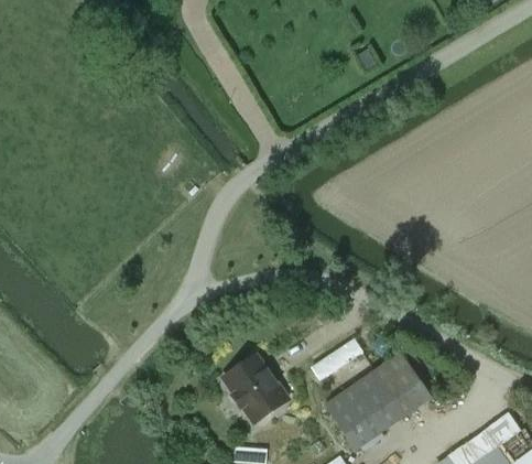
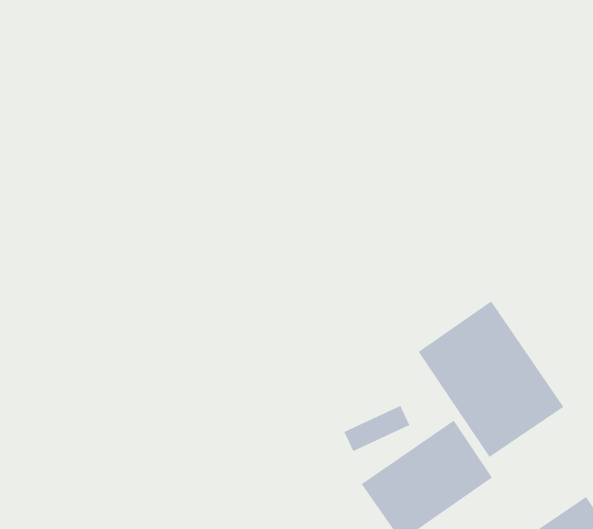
building: none -> [418,301,564,458]
building: [224,356,287,422] -> none

